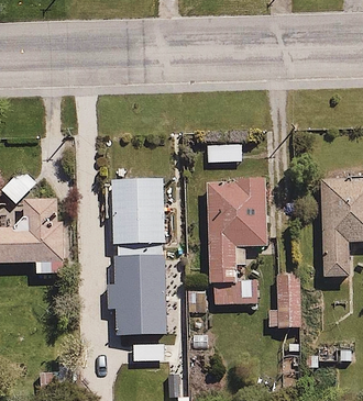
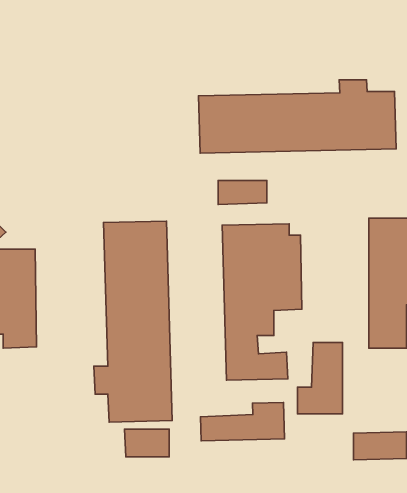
building: none -> [199,80,396,153]
building: none -> [201,402,284,441]

